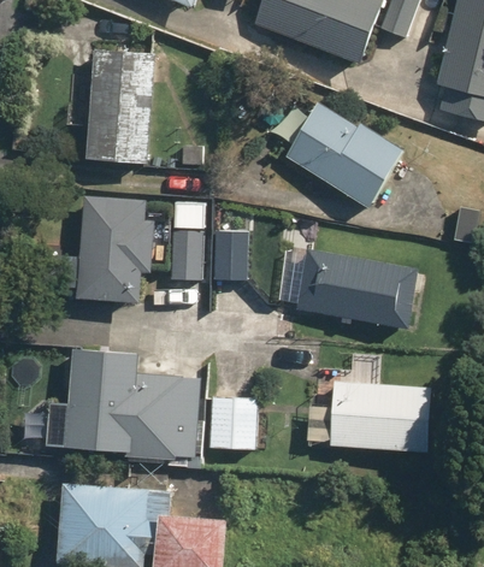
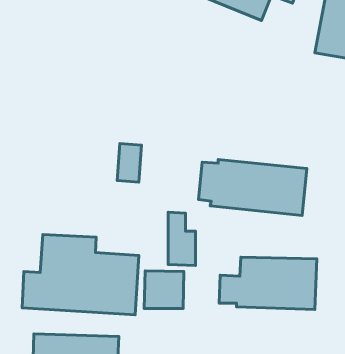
building: [87,49,157,165] -> none
building: [271,101,405,209] -> none
building: [75,194,157,300] -> none
building: [212,211,248,282] -> [168,212,195,266]

